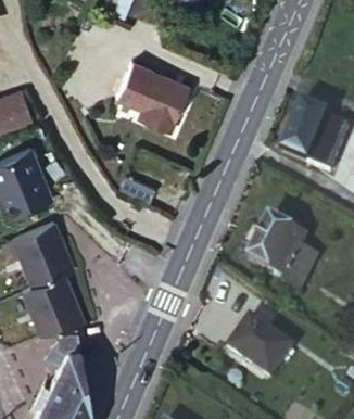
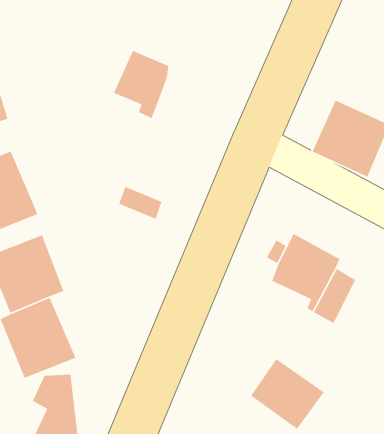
building: [148,76,190,131] -> none

